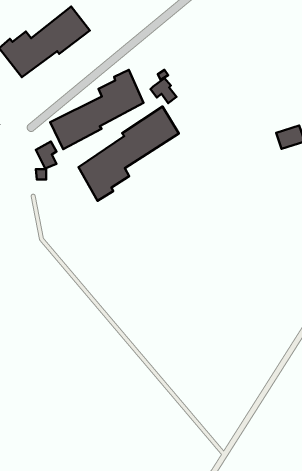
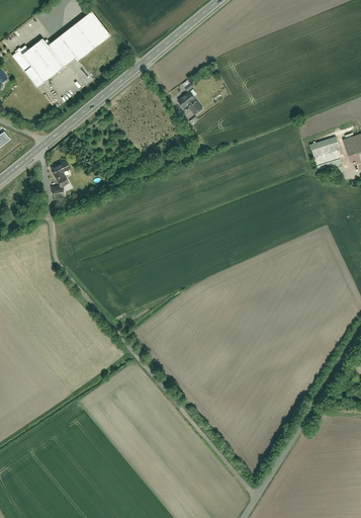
building: [50,70,144,149] -> none
building: [79,106,179,201] -> none

